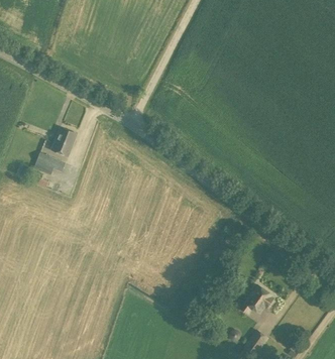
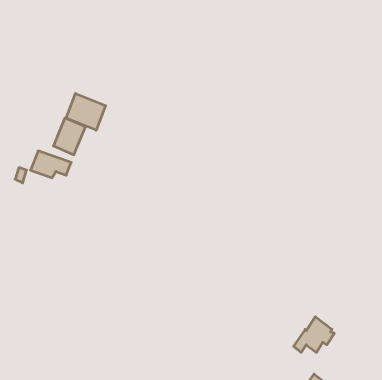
building: none -> [66,93,106,130]

